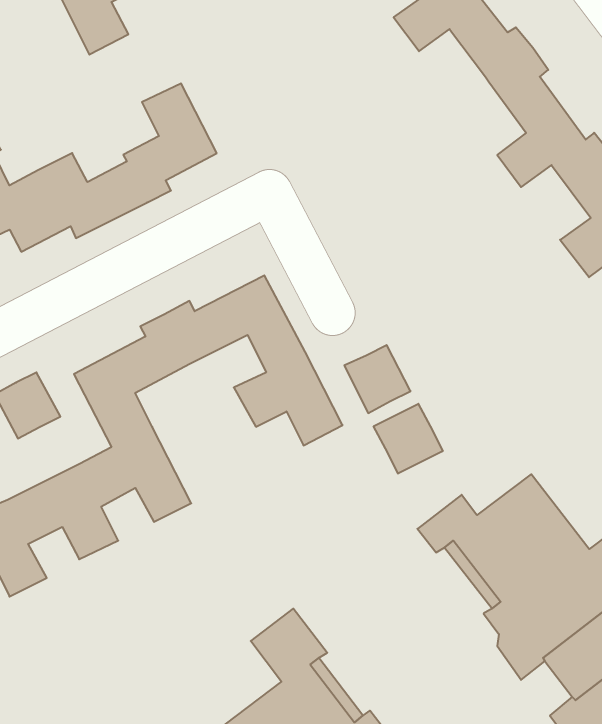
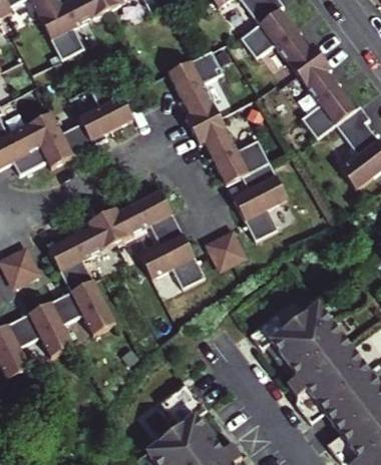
building: none -> [168,48,290,240]
building: [374,404,443,474] -> none

